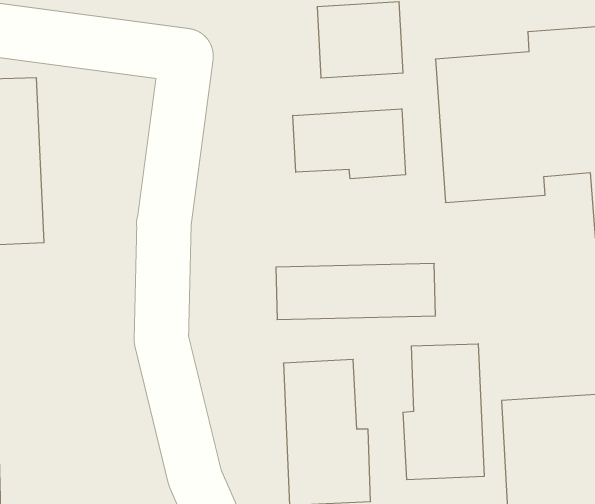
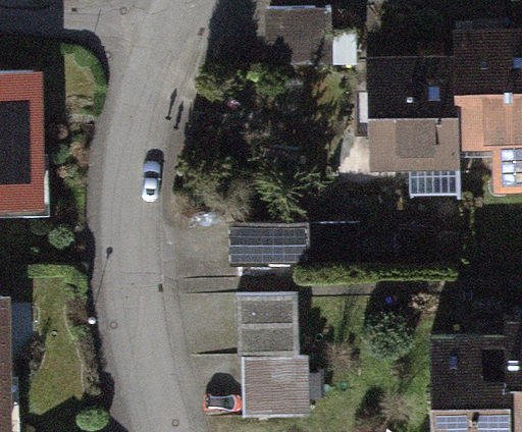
building: [293,109,406,179] -> none
building: [403,344,484,480] -> none

